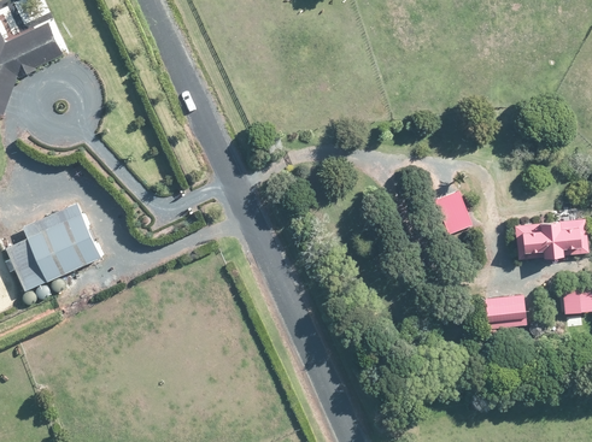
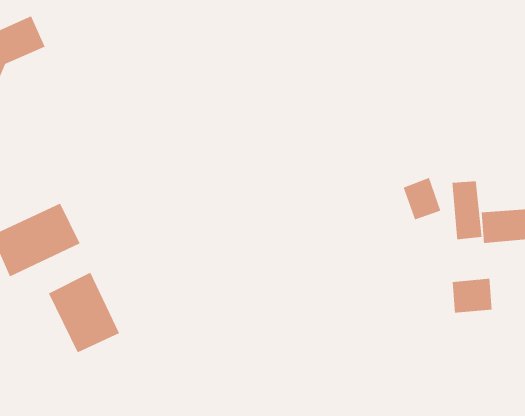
building: none -> [452,181,482,240]
building: none -> [48,272,120,353]

